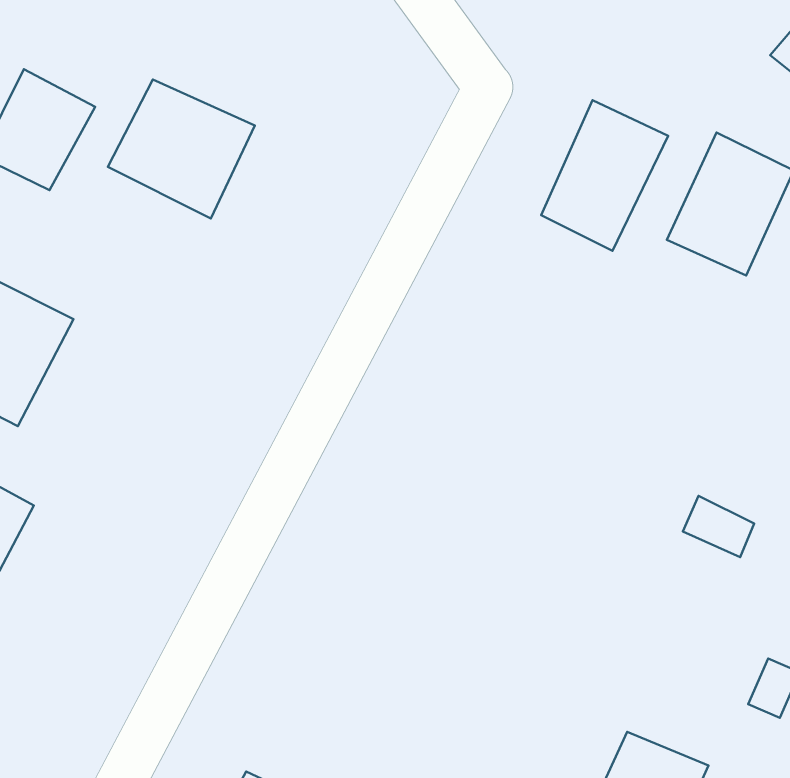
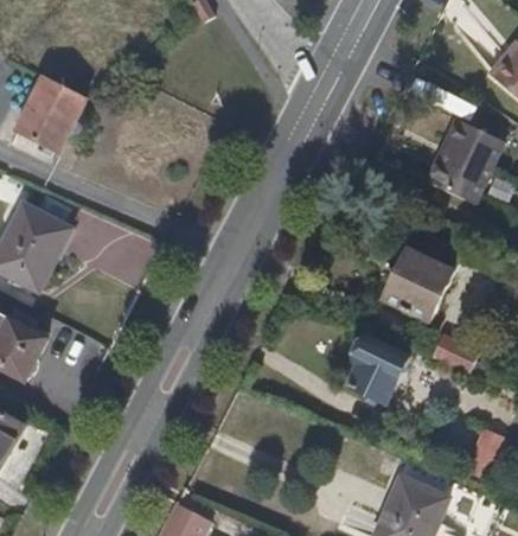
building: [108,80,255,218] -> none
building: [541,100,668,251] -> [386,231,462,321]
building: none -> [348,334,410,403]

